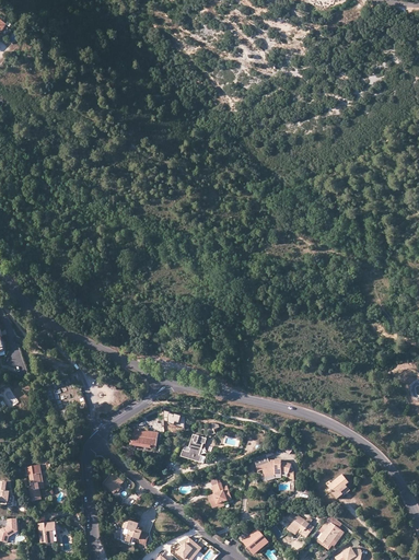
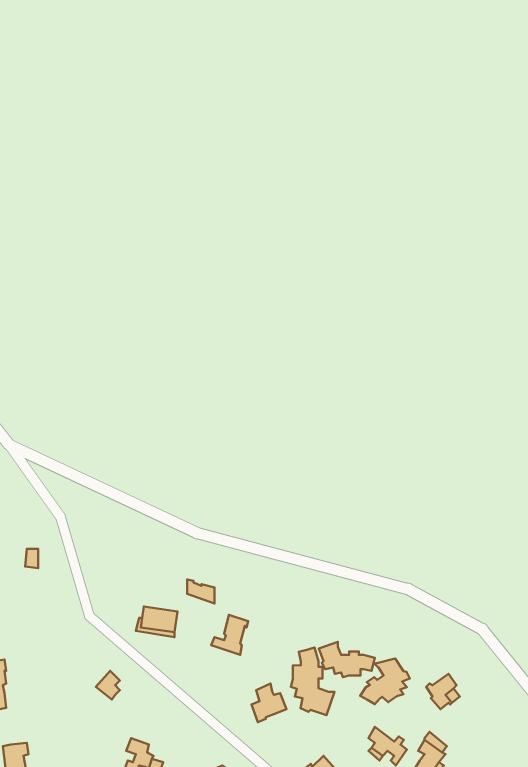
building: none -> [291,648,334,715]
building: none -> [360,659,410,704]

